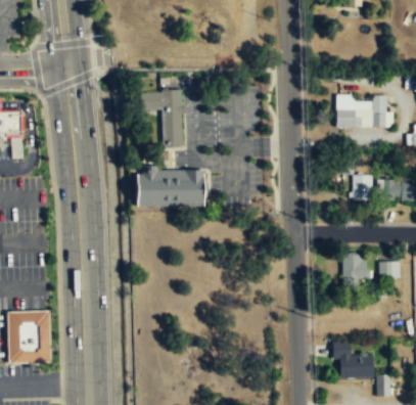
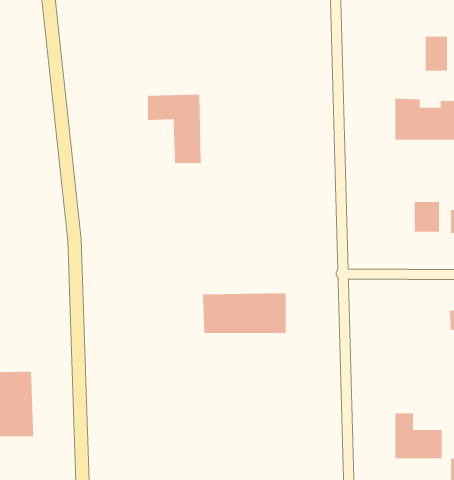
building: none -> [425,36,448,72]
building: [137,171,203,204] -> [202,292,286,334]
building: [343,255,367,280] -> none

